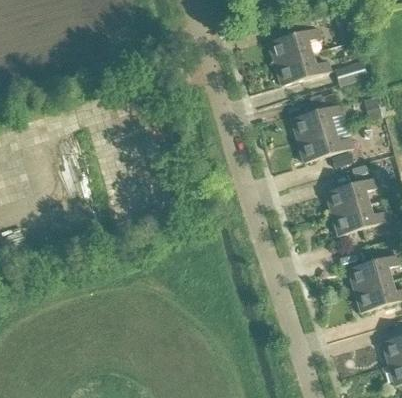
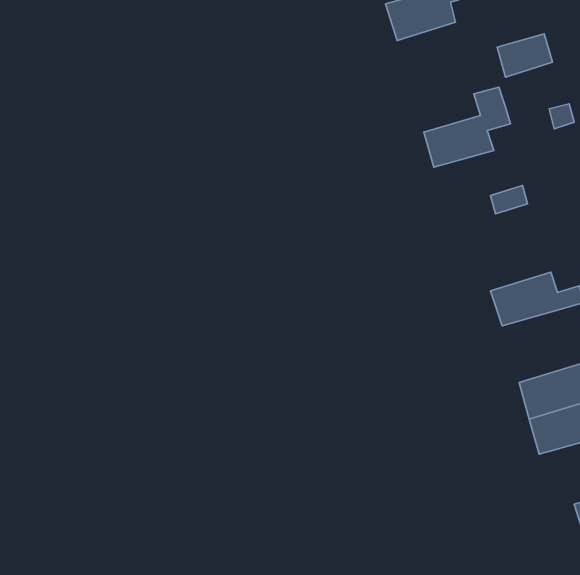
building: [276,51,331,83] -> none
building: [298,128,354,160] -> none
building: [326,176,378,212] -> none

